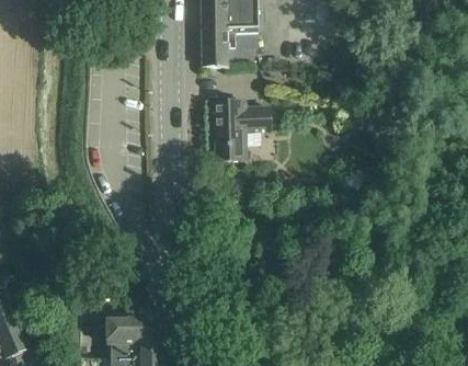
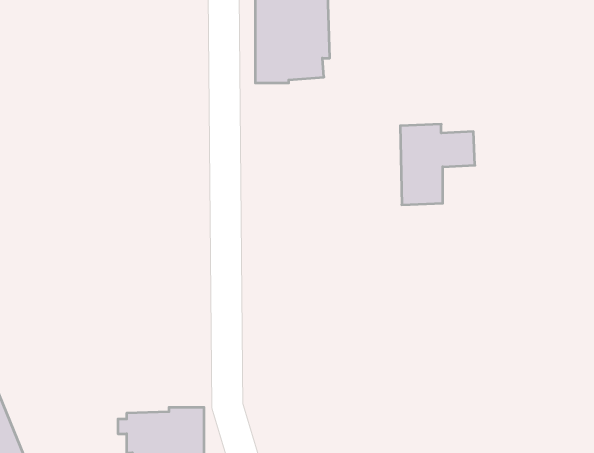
building: [215,101,271,161] -> [400,124,475,205]

